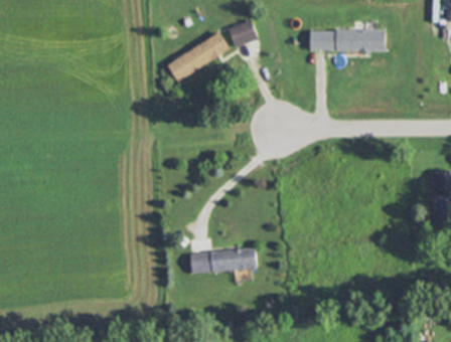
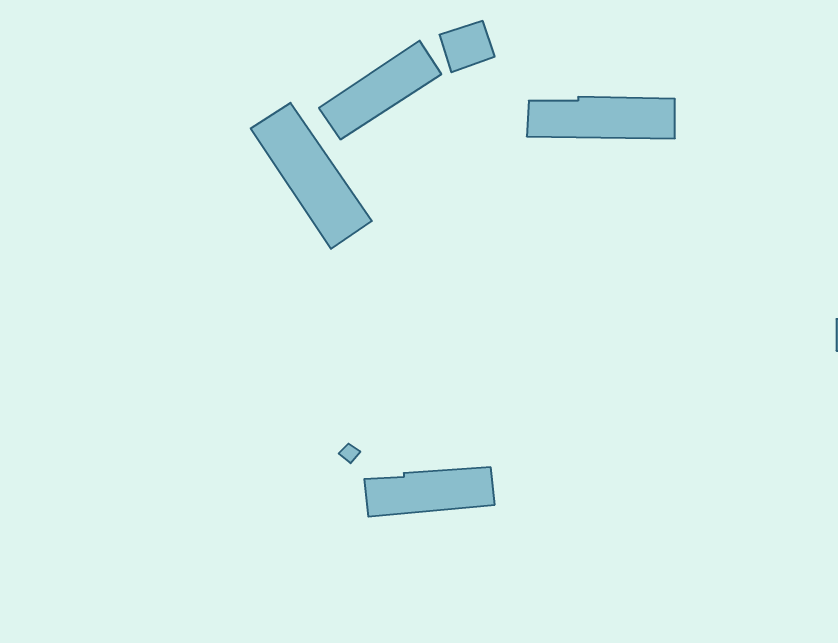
building: [309,30,385,51] -> [527,97,675,138]
building: none -> [251,103,372,249]

